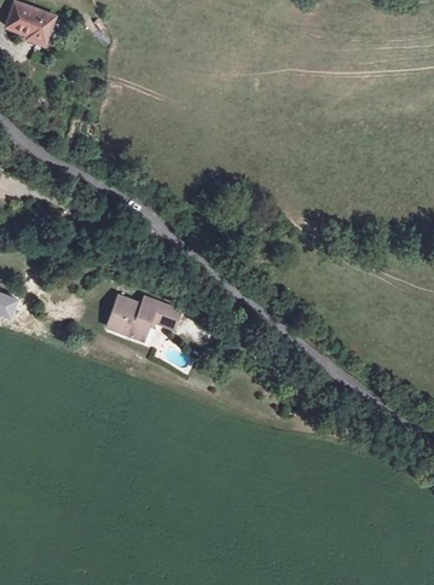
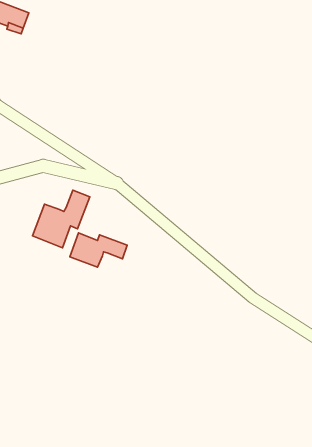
building: none -> [32,190,90,248]

